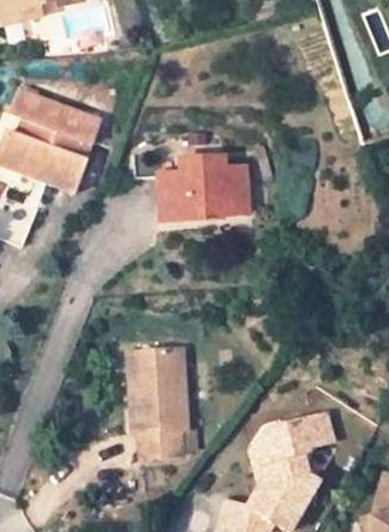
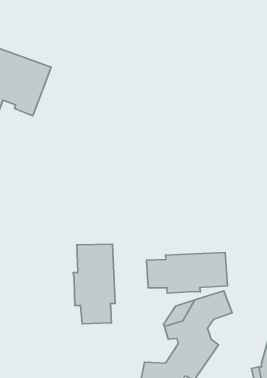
building: [158,158,249,224] -> none
building: none -> [147,252,227,293]

